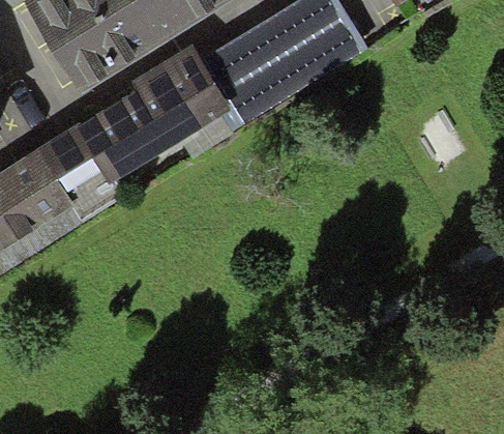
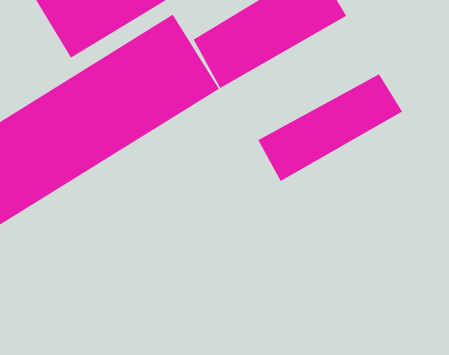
building: none -> [258,73,403,182]

